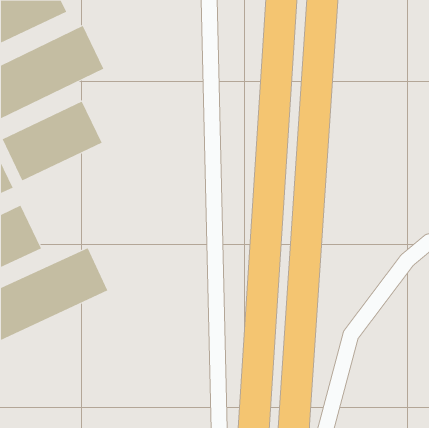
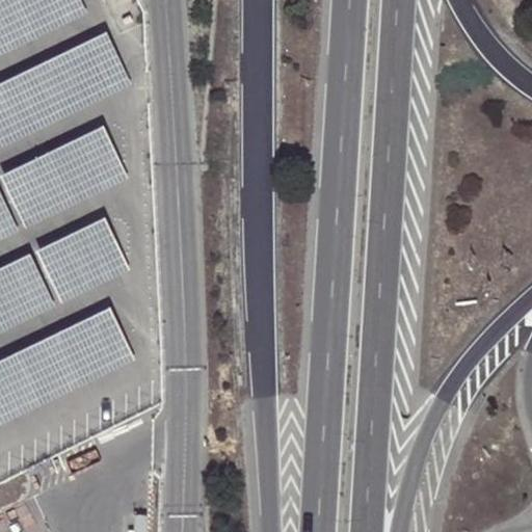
building: none -> [36,218,129,303]

